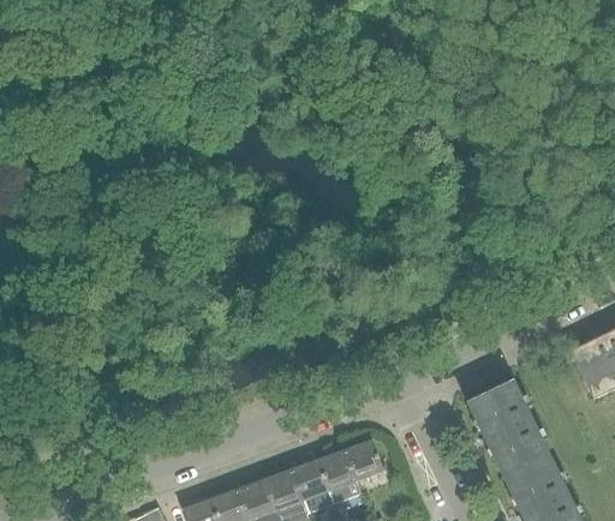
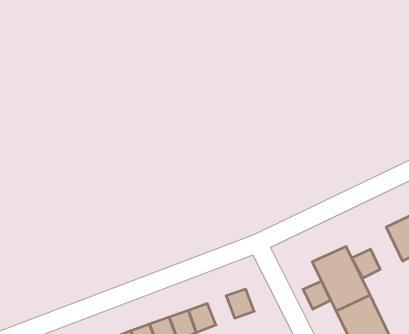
building: none -> [352,249,380,278]
building: none -> [303,281,331,309]
building: [318,450,357,491] -> none

